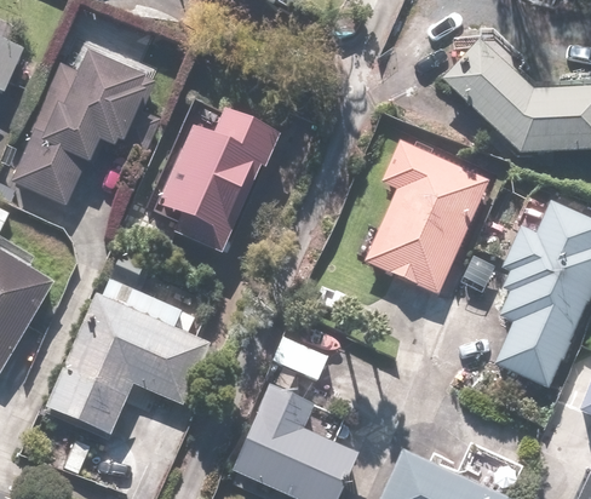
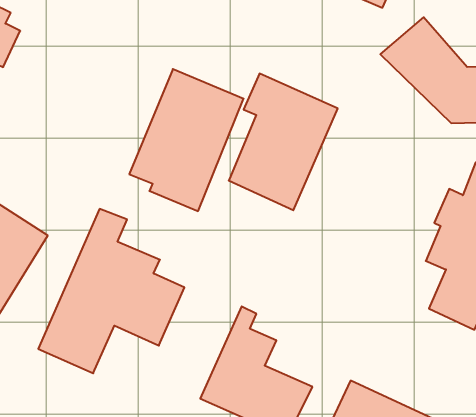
building: [12,48,156,205] -> none
building: [363,139,488,296] -> [229,74,338,210]

